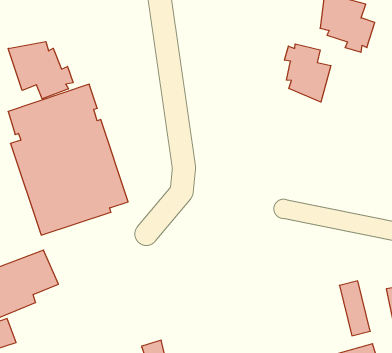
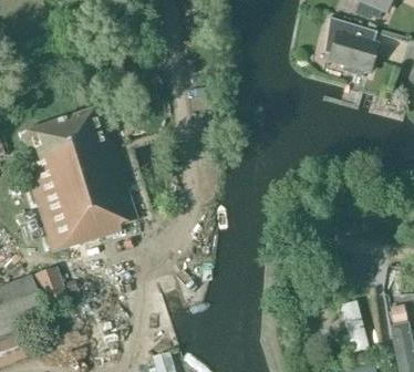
building: [8,42,73,99] -> none
building: [285,44,331,102] -> none

